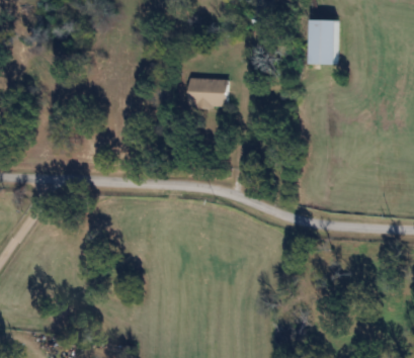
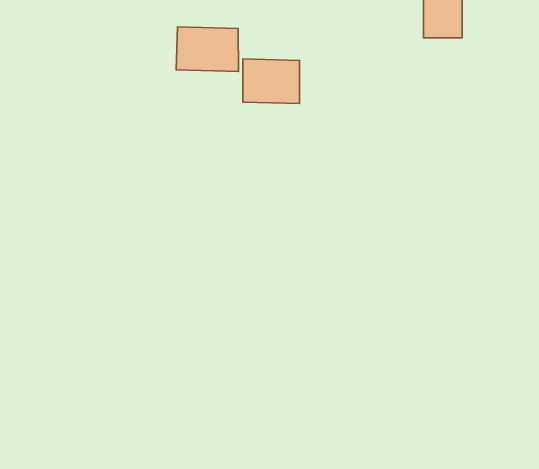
building: none -> [176,27,238,72]

